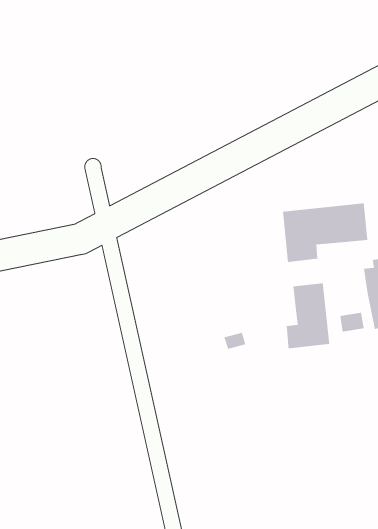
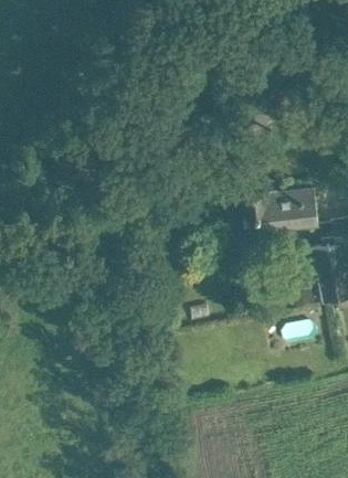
building: [286,283,330,349] -> none

